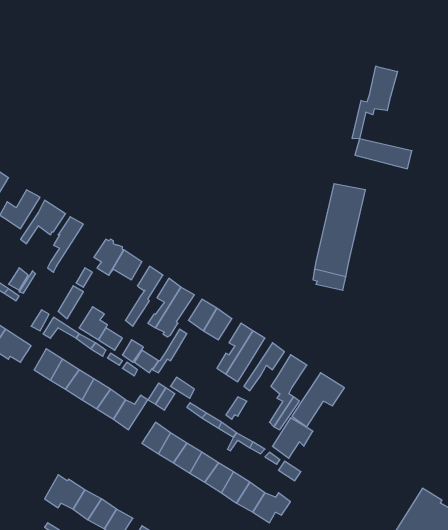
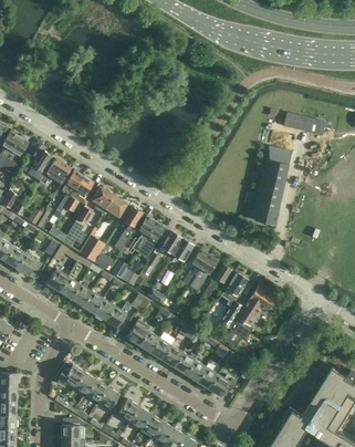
building: [352,66,397,139] -> none
building: none -> [63,177,94,214]

